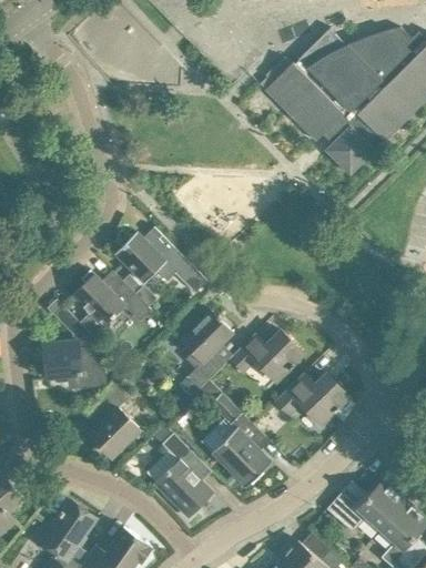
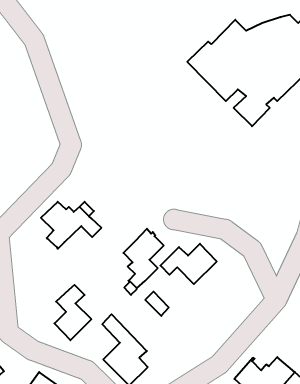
building: [114,232,207,293] -> none
building: [42,308,104,382] -> none
building: [266,373,348,424] -> none
building: [212,428,271,487] -> none

